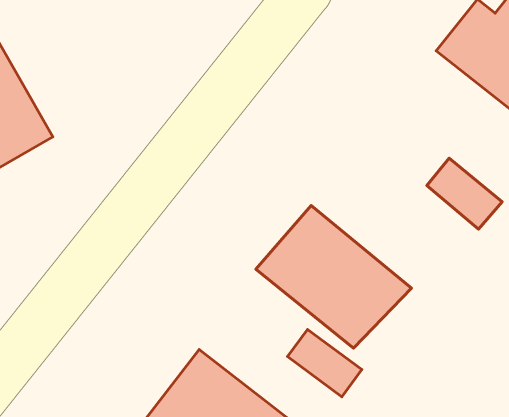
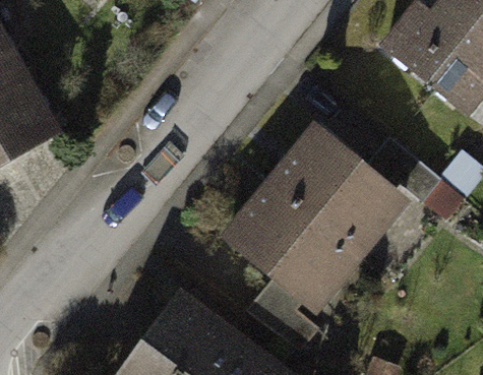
building: none -> [277,128,410,255]

